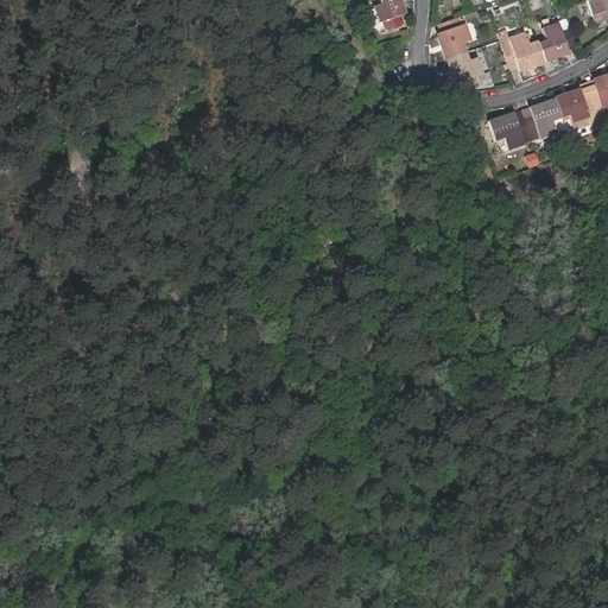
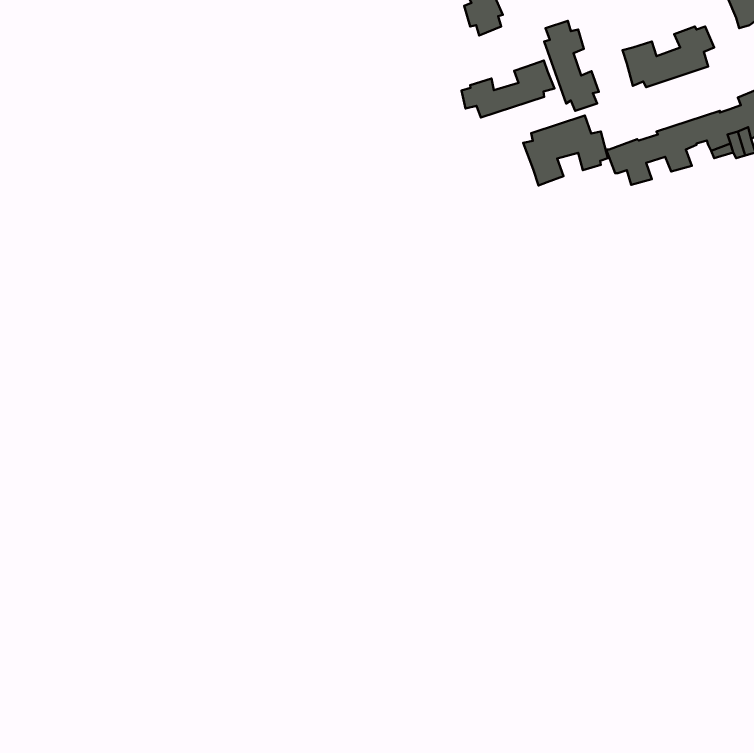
building: none -> [462,60,555,117]
building: none -> [523,116,608,186]

